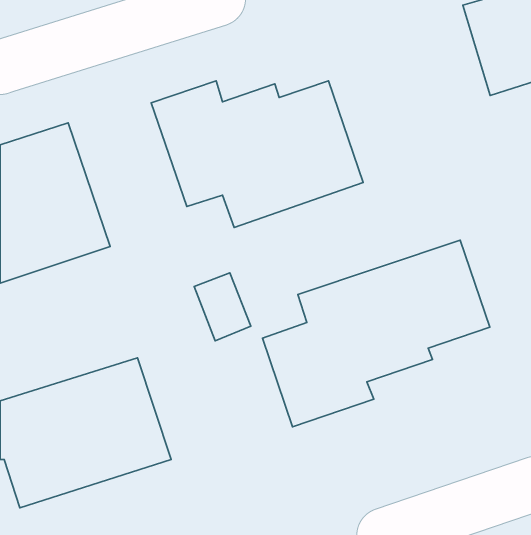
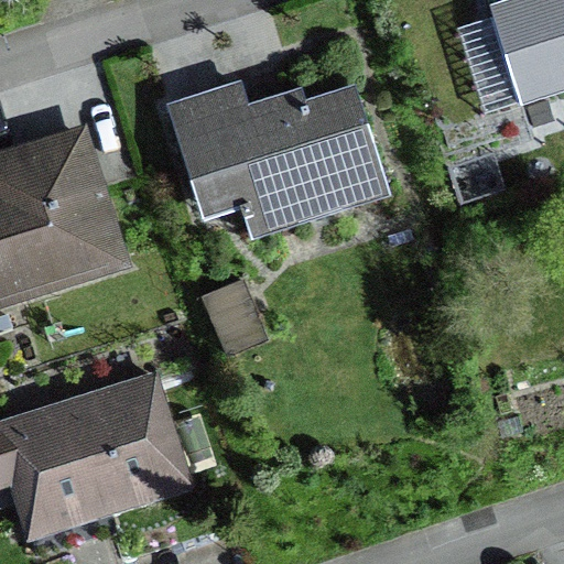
building: [263,240,490,427] -> none

